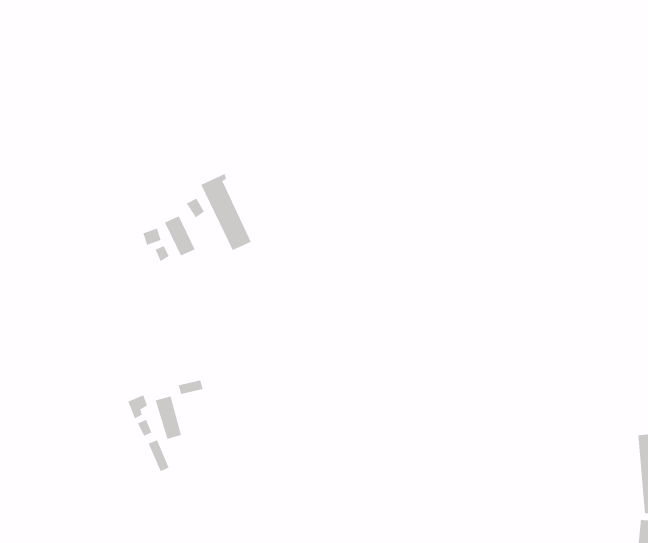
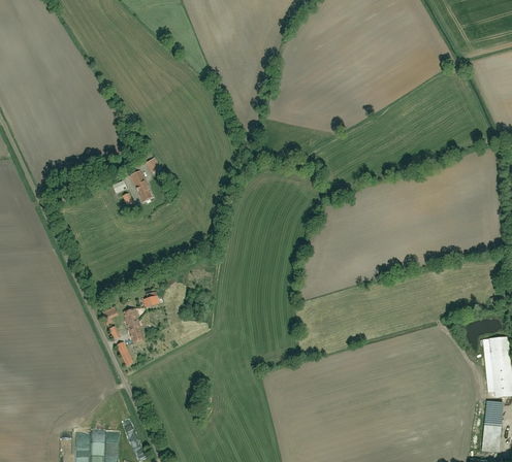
building: [201,173,252,251] -> none

